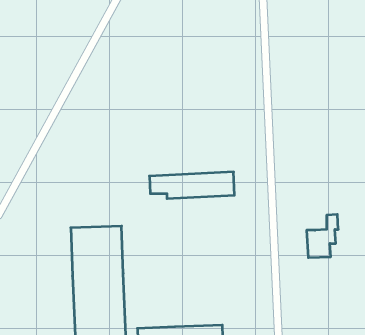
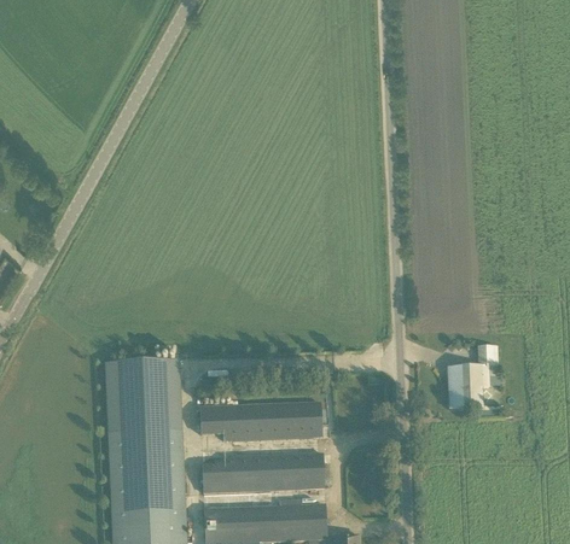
building: [149,172,234,199] -> [198,404,321,443]
building: none -> [200,455,324,495]

